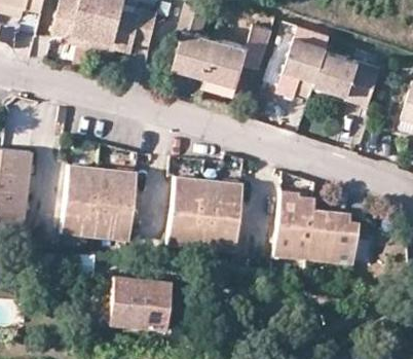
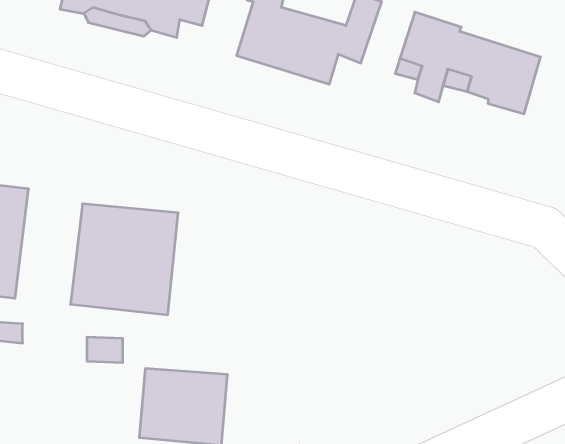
building: [167,177,240,252] -> none
building: [273,194,356,267] -> none

